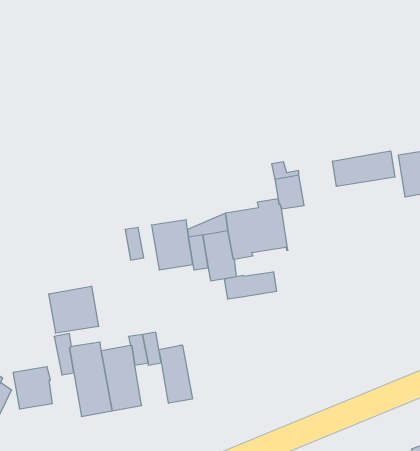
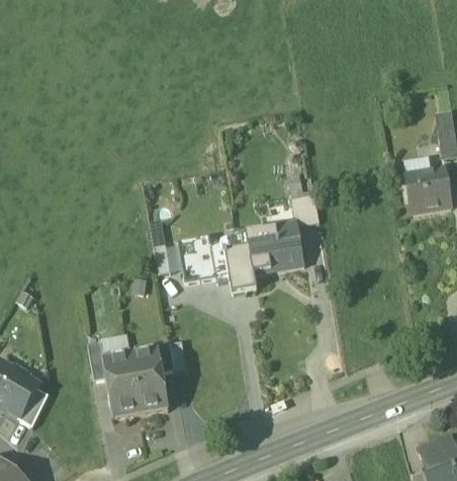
building: [333,151,395,186] -> none
building: [225,272,276,299] -> none
building: [49,286,99,333] -> none
building: [159,345,192,403] -> none
building: [13,366,52,409] -> none

